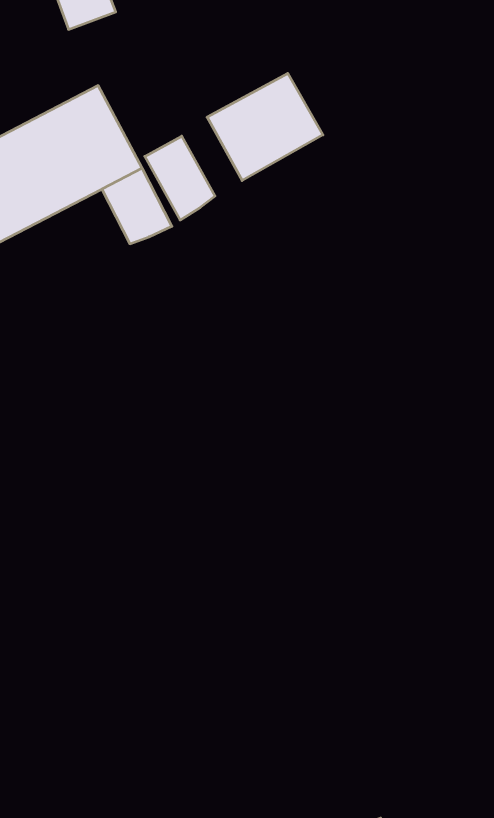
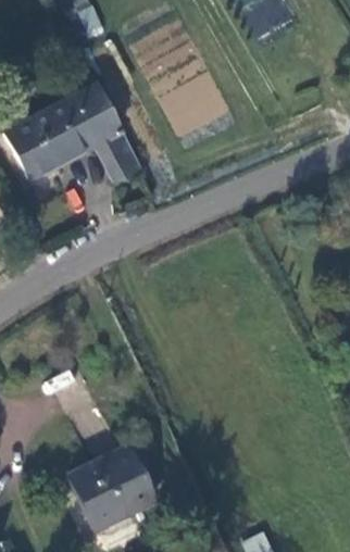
building: [145,136,215,220] -> none
building: none -> [71,448,163,530]

